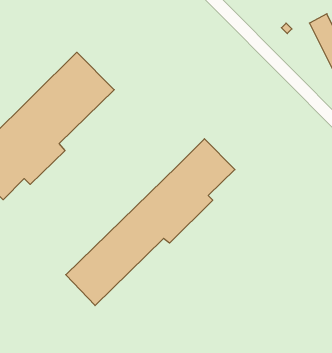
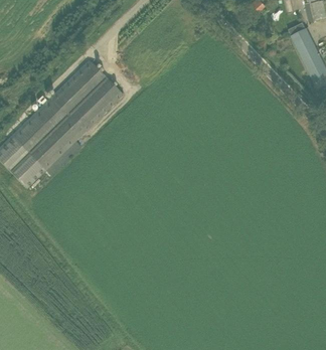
building: [66,139,235,306] -> none

